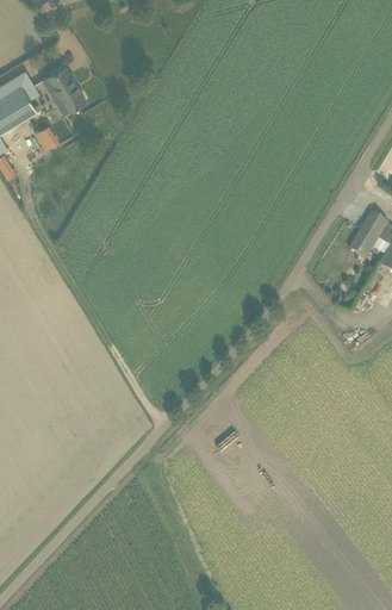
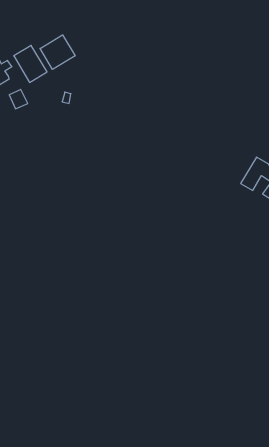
building: none -> [40,35,75,69]

